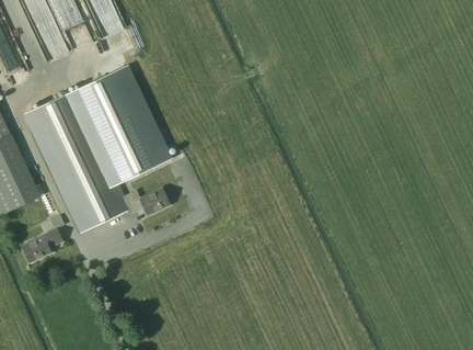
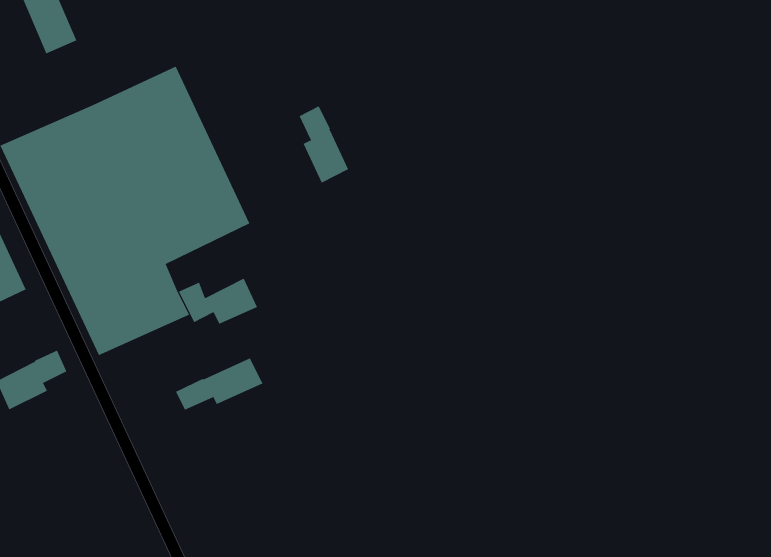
building: none -> [299,106,349,183]
building: none -> [175,358,263,410]

